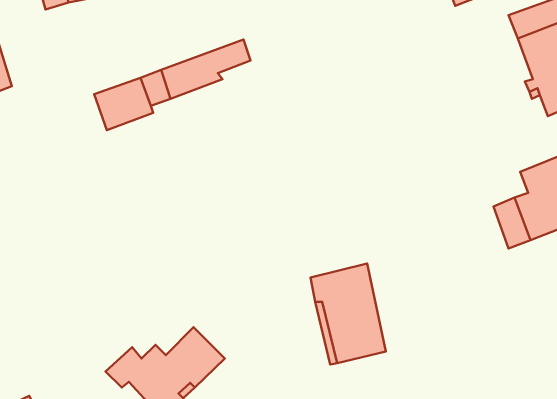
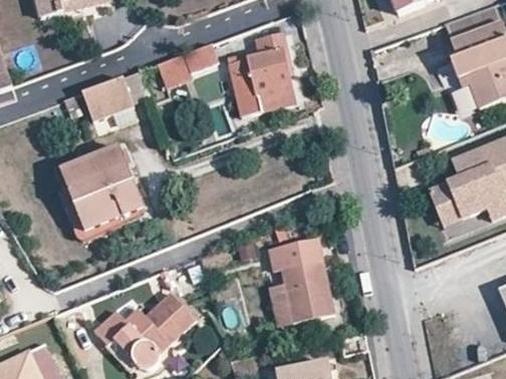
building: none -> [228,32,297,116]
building: none -> [60,145,144,230]

